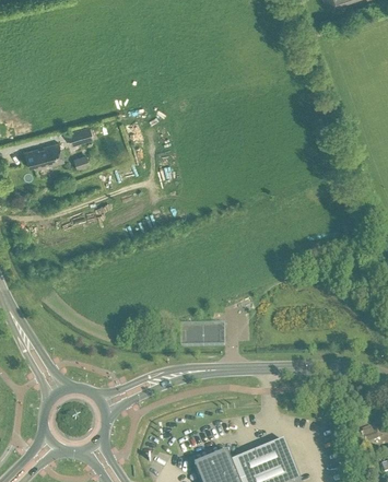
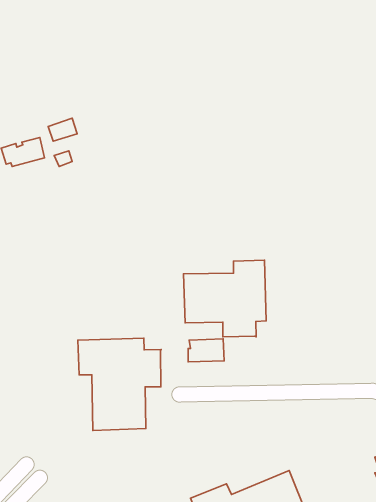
building: none -> [184,260,266,337]
building: none -> [78,338,161,430]

